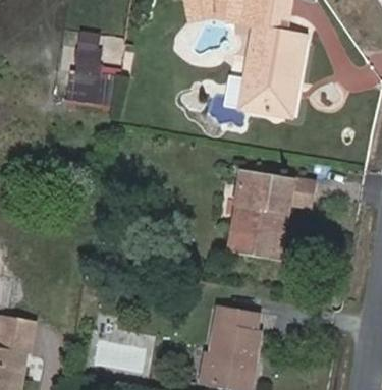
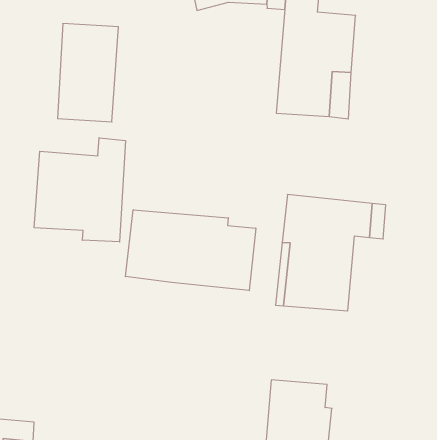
building: none -> [34,138,125,242]
building: none -> [126,210,256,291]

